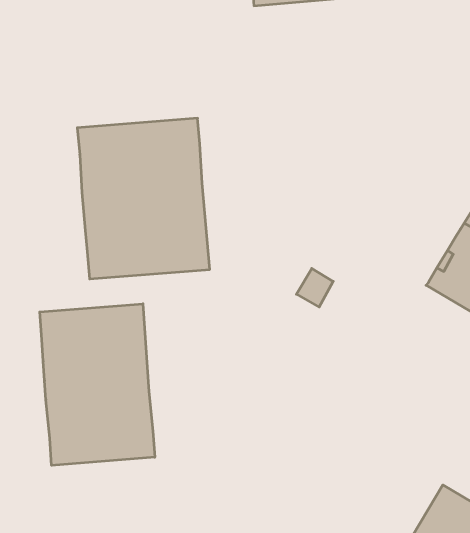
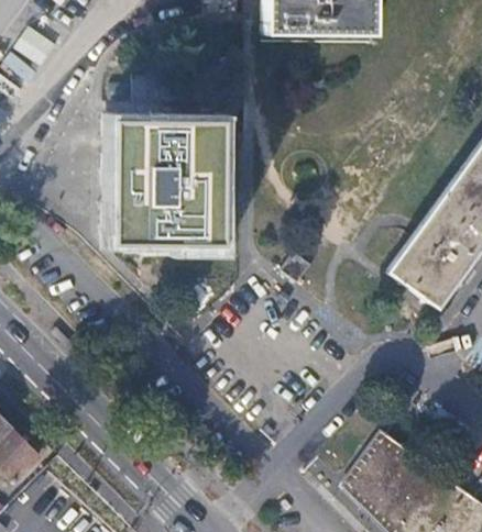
building: [40,304,155,465] -> none

